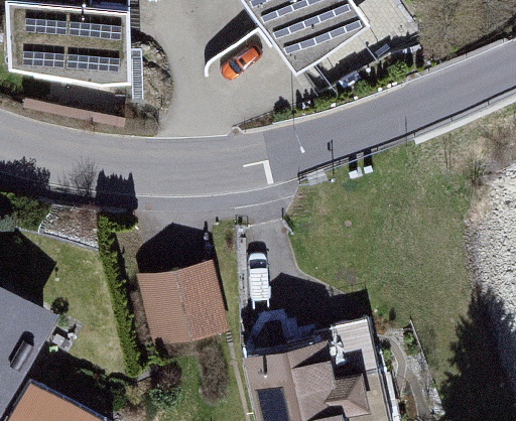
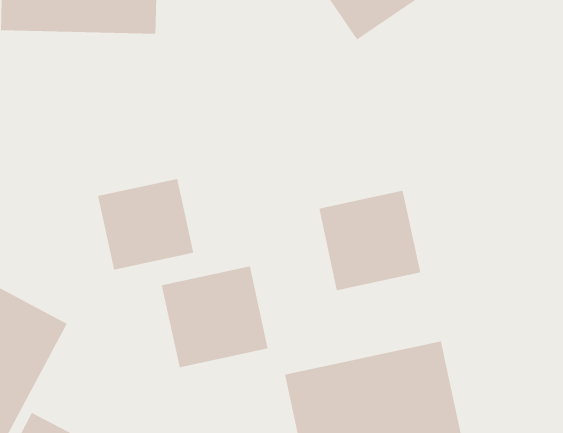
building: none -> [97,178,194,270]
building: none -> [318,190,421,291]

